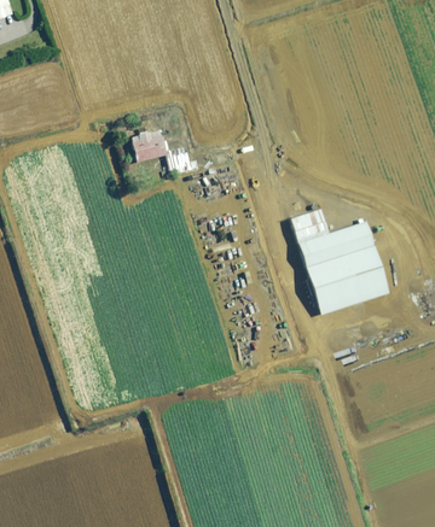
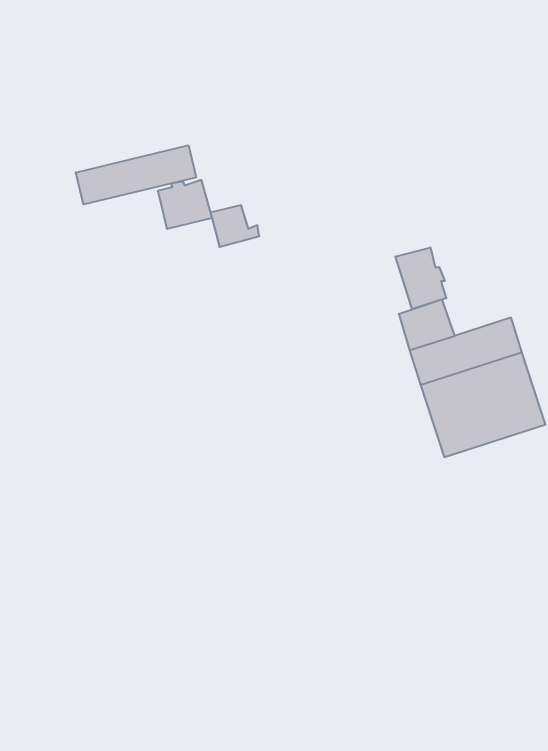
building: none -> [76,145,196,204]
building: none -> [395,247,446,309]

